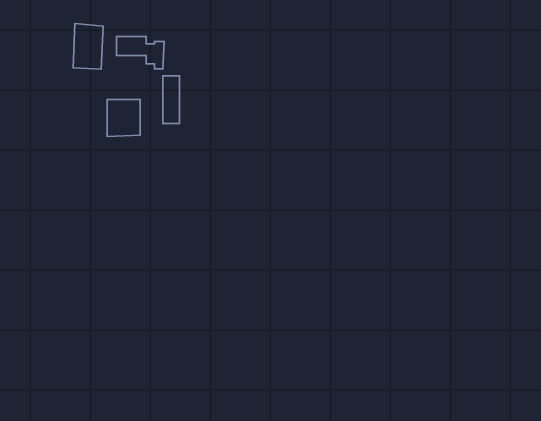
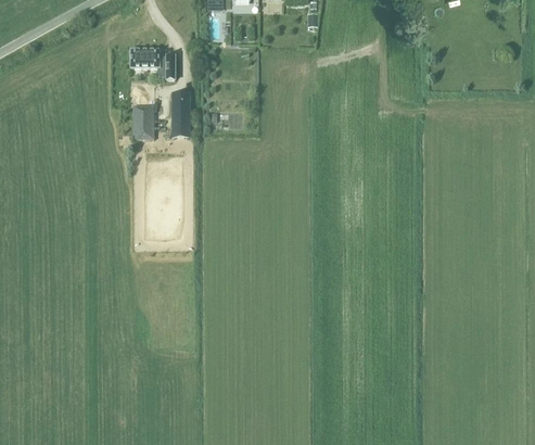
building: [73,23,103,69] -> none

